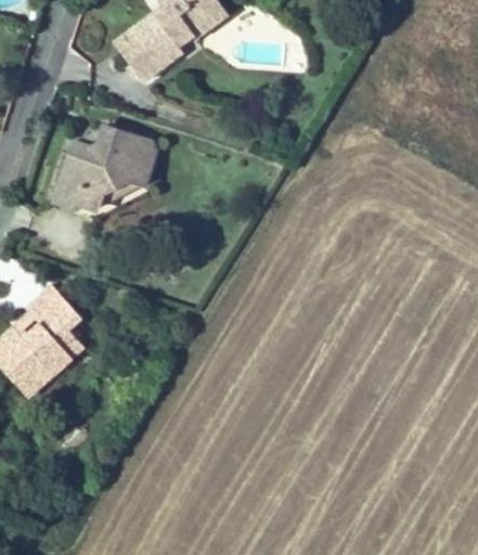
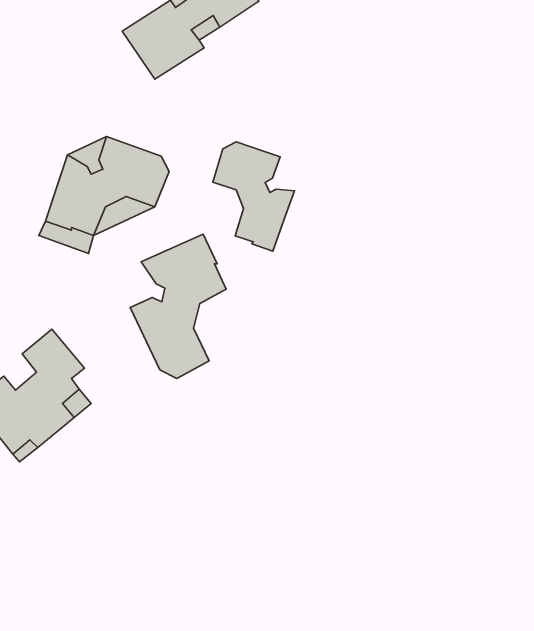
building: none -> [213,142,295,251]
building: none -> [130,234,226,378]

